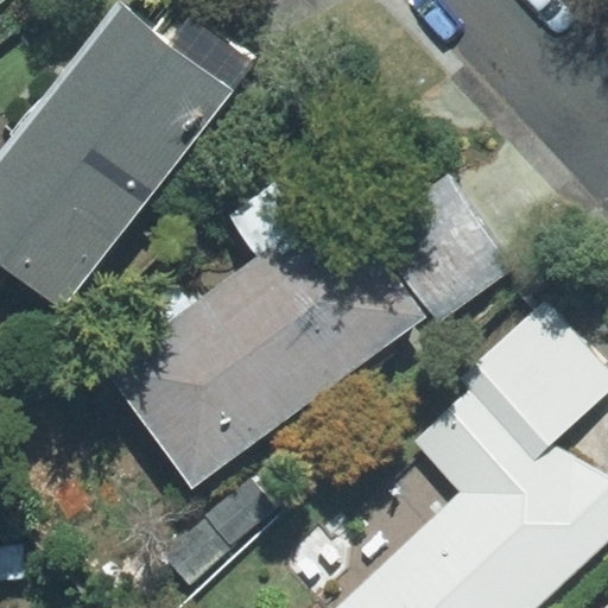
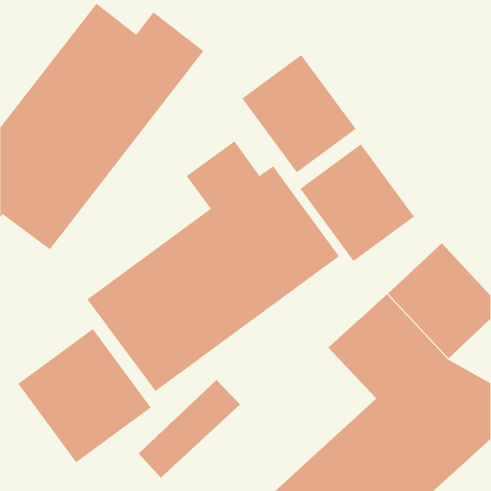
building: none -> [242,54,357,173]
building: none -> [17,328,152,463]

